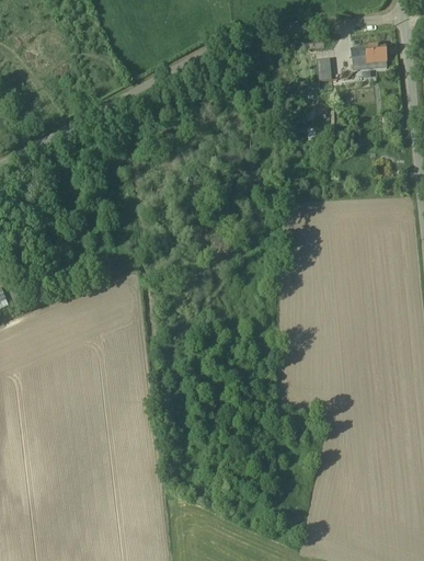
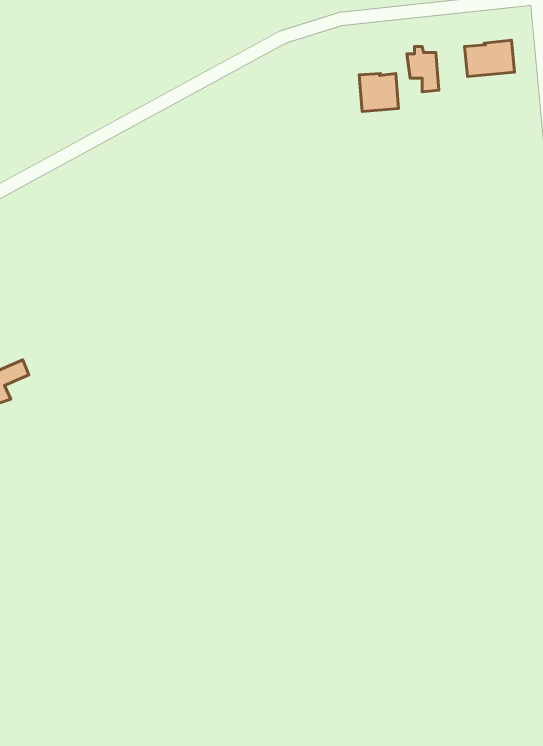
building: none -> [359,74,399,112]

